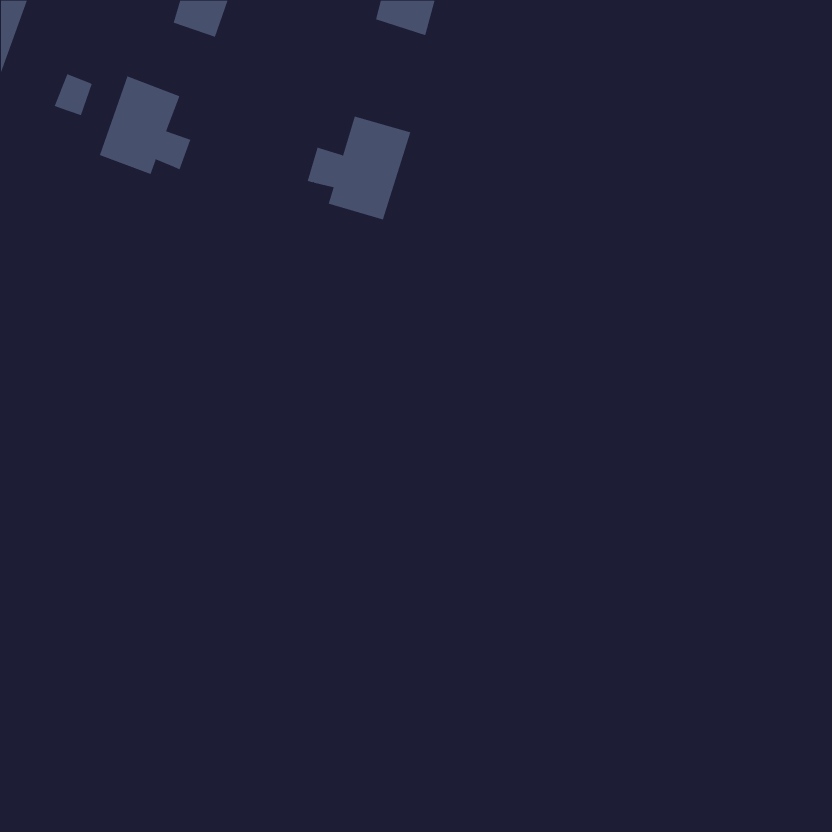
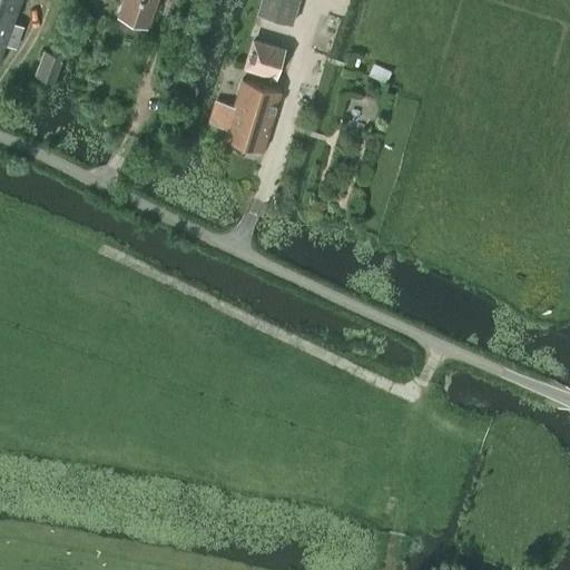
building: none -> [246,42,284,76]
building: [99,76,191,175] -> none

